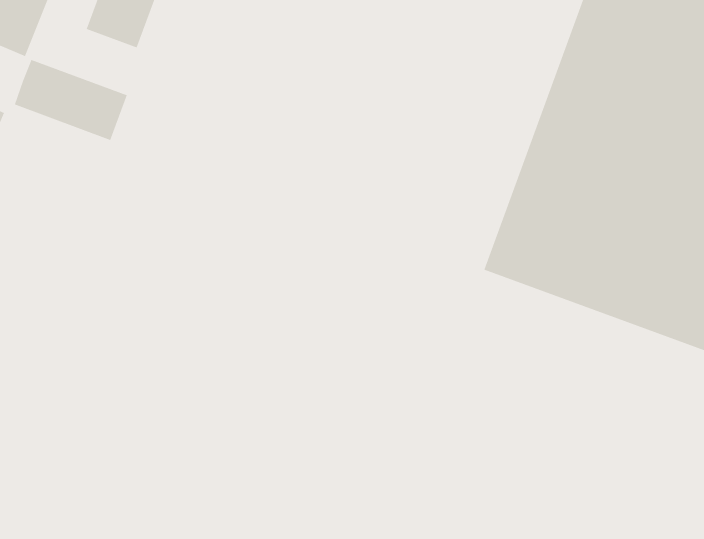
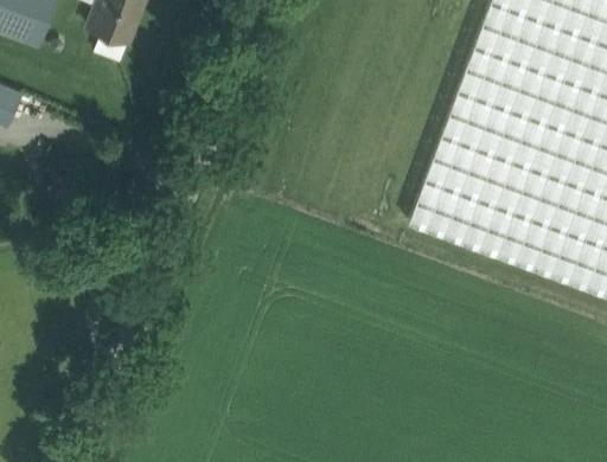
building: [14,59,128,141] -> none

